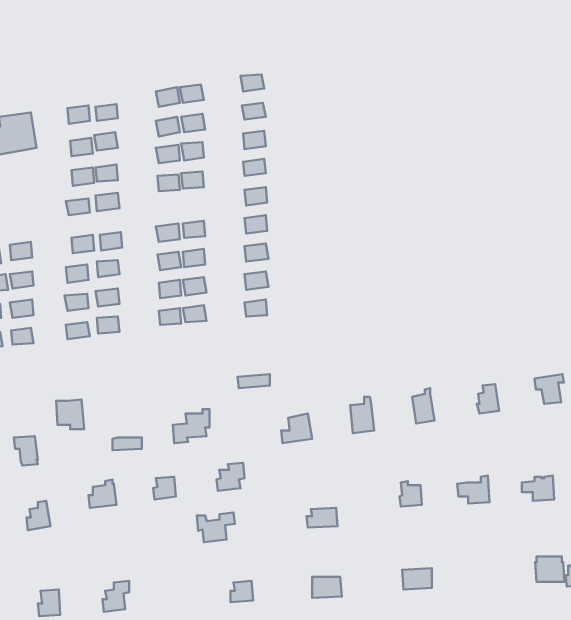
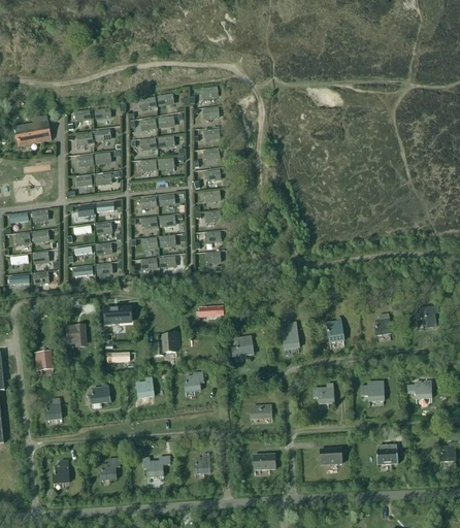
building: none -> [103,306,130,323]
building: [197,513,235,542] -> [141,455,169,476]
building: [535,557,565,582] -> [375,444,397,463]

